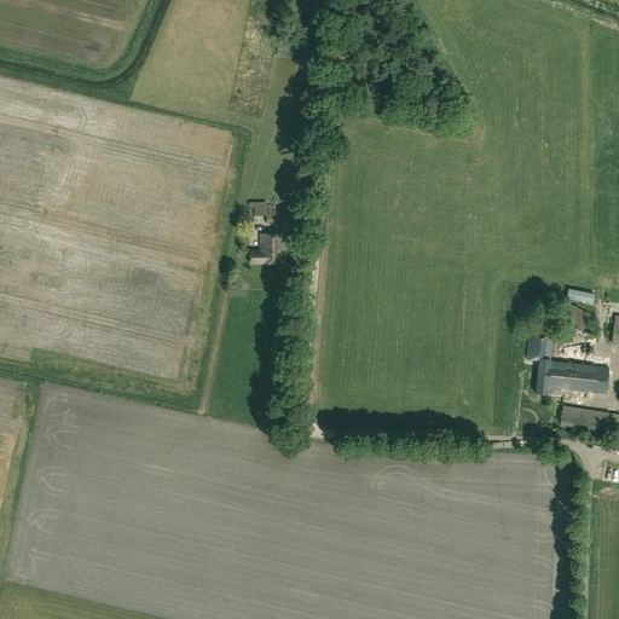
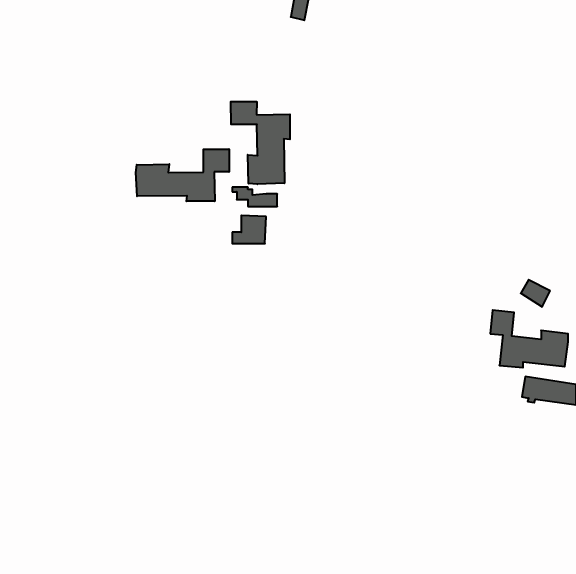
building: none -> [231,102,290,184]
building: none -> [136,149,229,201]

